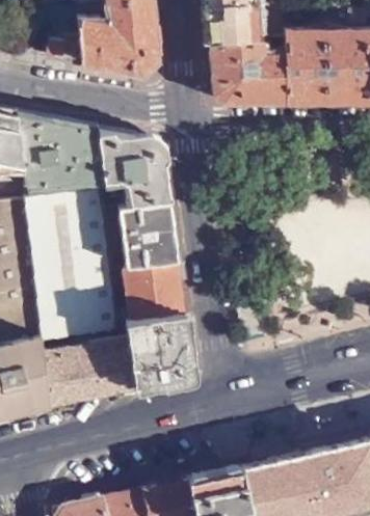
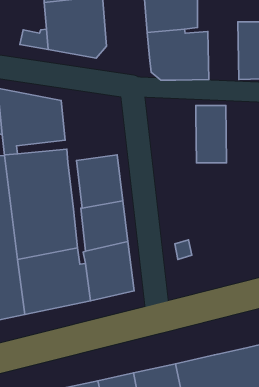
building: [287,31,326,105] -> [196,105,227,163]
building: [99,132,170,211] -> none

